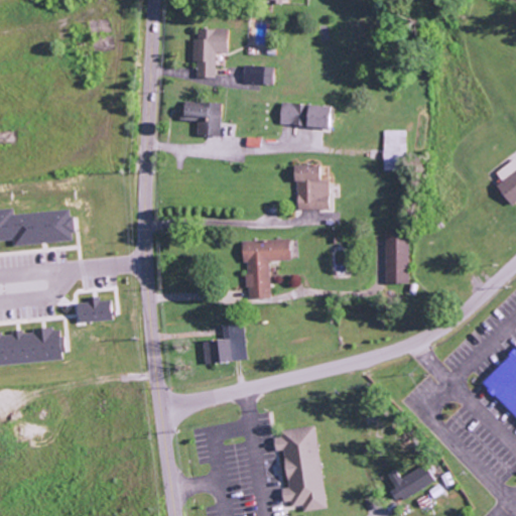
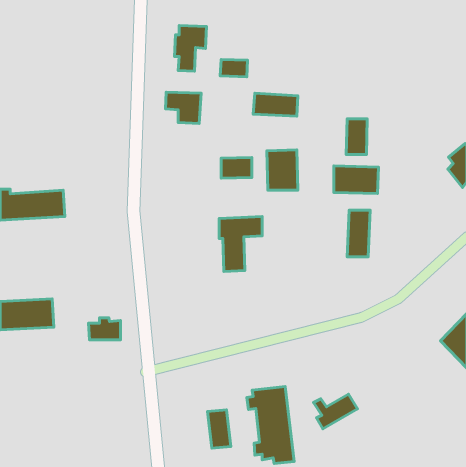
building: none -> [221,157,252,178]
building: none -> [334,166,378,194]
building: [76,297,111,321] -> [89,318,121,340]
building: [203,324,248,365] -> none
building: none -> [207,410,231,448]
building: [386,465,434,503] -> [314,394,358,429]

